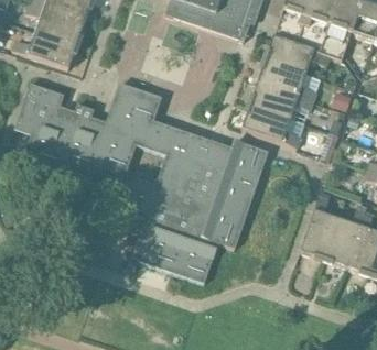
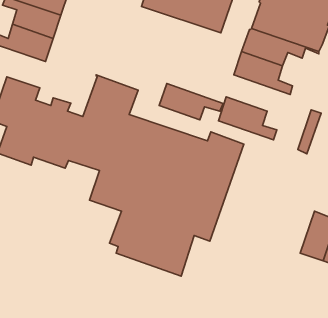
building: [249,81,313,118] -> [159,84,223,120]
building: [299,196,337,260] -> none

